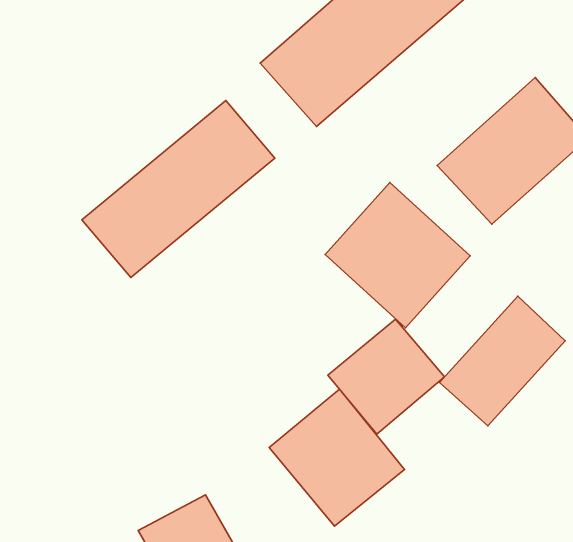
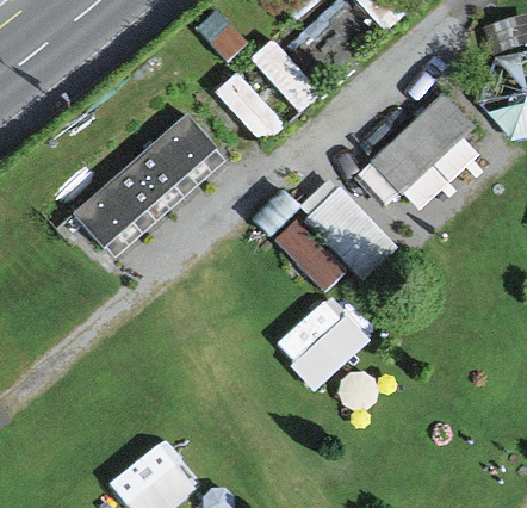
building: [439,296,565,426] -> none
building: [269,389,404,526] -> none

